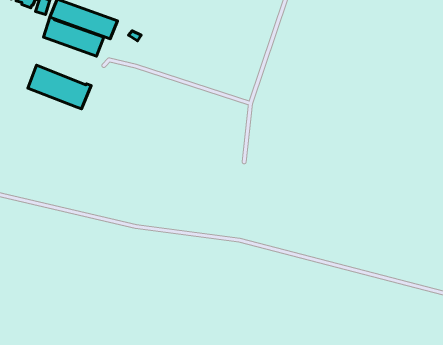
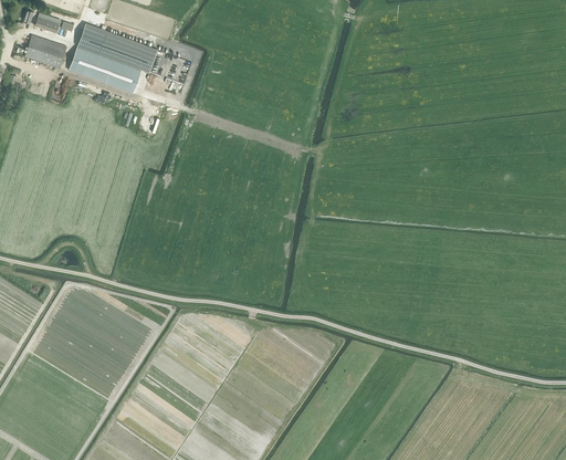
building: none -> [24,34,66,67]
building: [28,65,91,109] -> none

